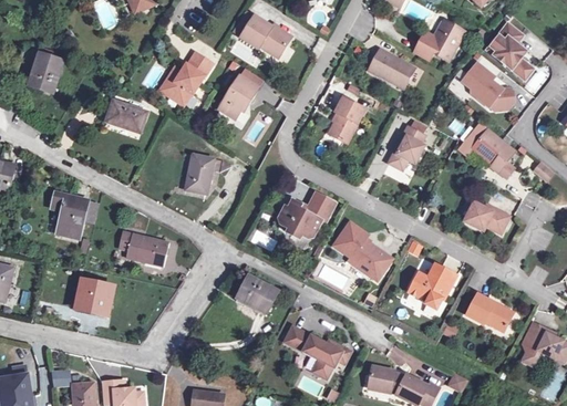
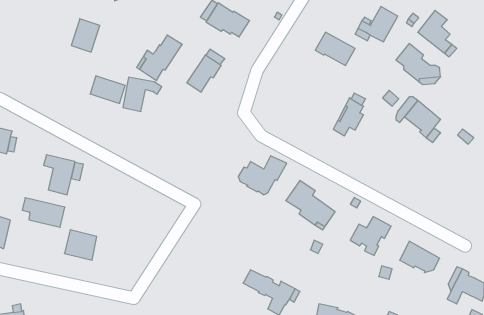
building: [29,53,62,92] -> [71,19,100,52]
building: [328,96,364,143] -> none
building: [185,154,230,194] -> [123,77,162,111]
building: [464,201,509,232] -> none
building: [118,231,168,266] -> [22,198,65,227]
building: [236,275,277,312] -> none

